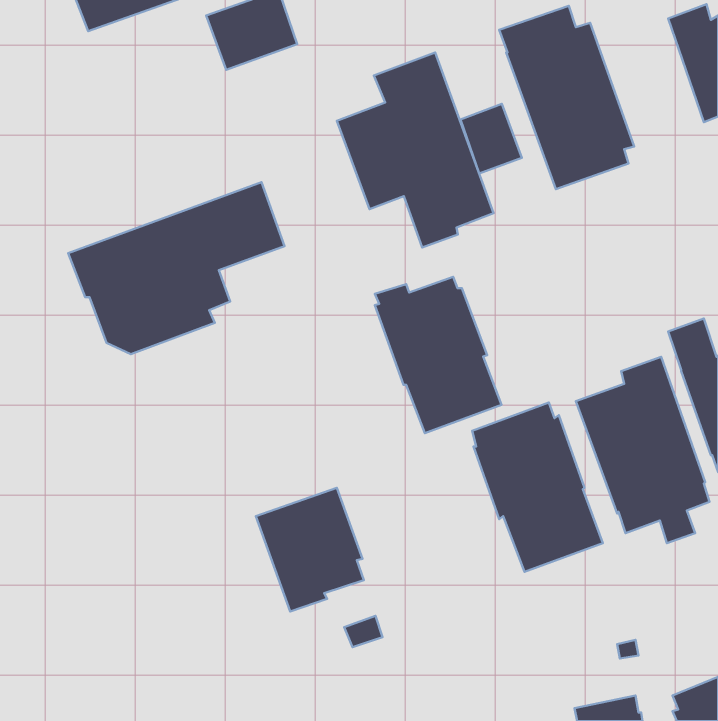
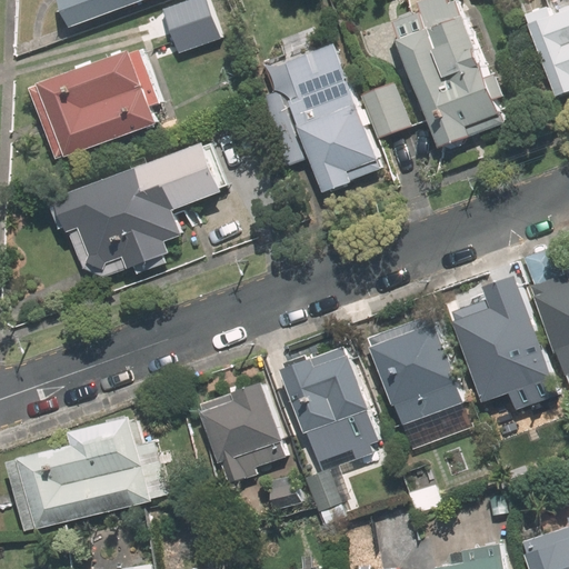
building: none -> [29,49,158,159]
building: [375,277,501,433] -> [281,348,380,470]
building: none -> [6,417,166,529]

